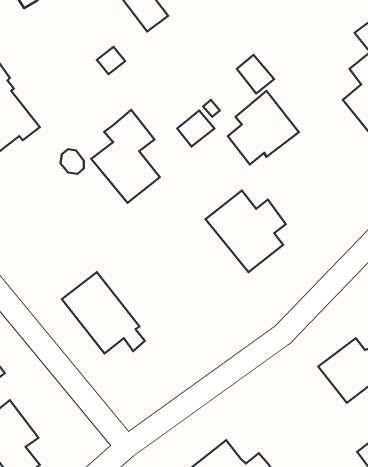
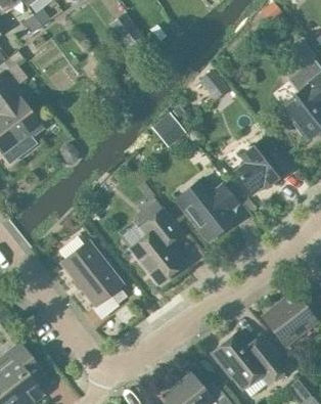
building: [228,91,299,165] -> [235,136,291,194]
building: [91,110,160,203] -> [131,210,185,283]
building: none -> [213,331,288,388]

